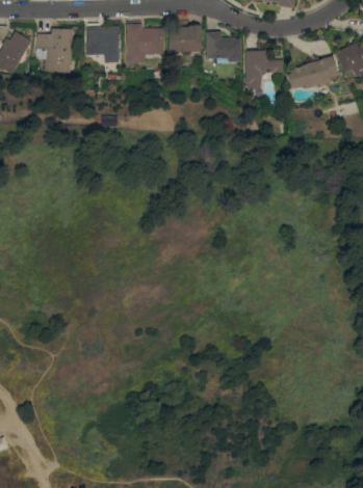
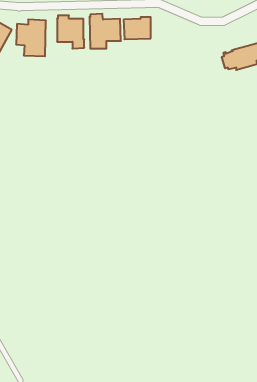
building: [206,31,241,63] -> none
building: [245,51,283,90] -> none

